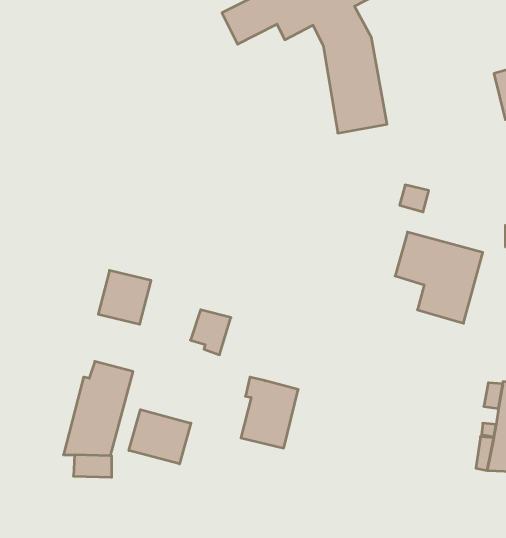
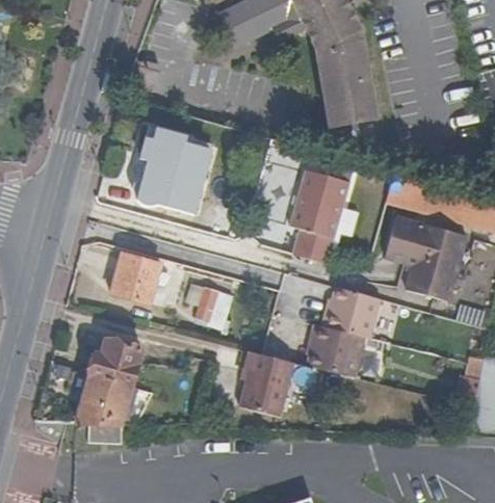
building: none -> [135,126,207,212]
building: none -> [290,169,348,264]
building: none -> [308,287,381,376]
building: [129,410,191,464] -> none

